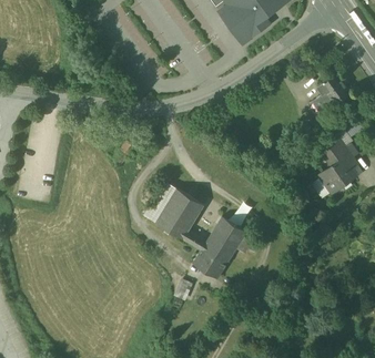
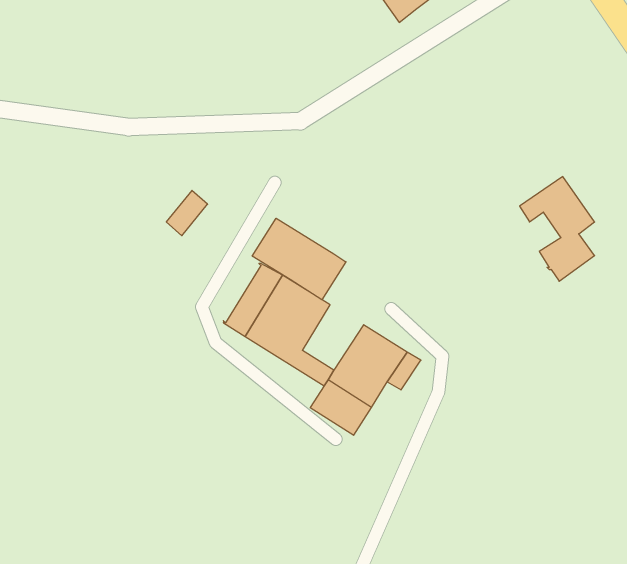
building: [310,72,352,115] -> none
building: none -> [252,218,346,300]

